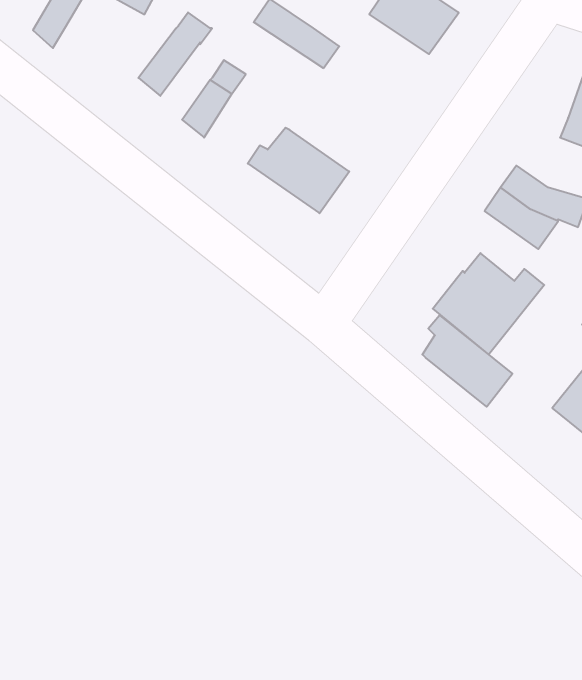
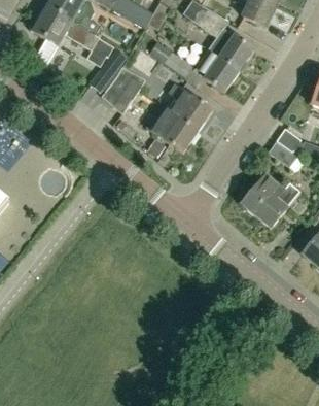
building: none -> [194,49,239,92]
building: none -> [167,83,212,131]
building: [422,315,512,407] -> none

